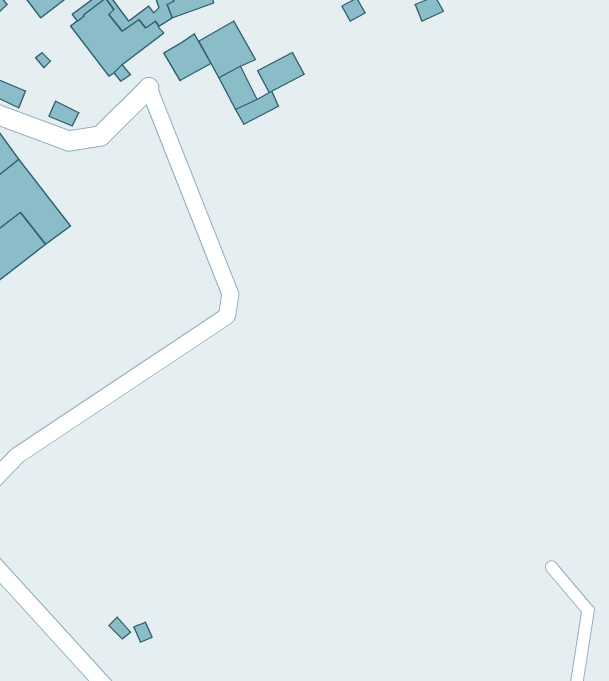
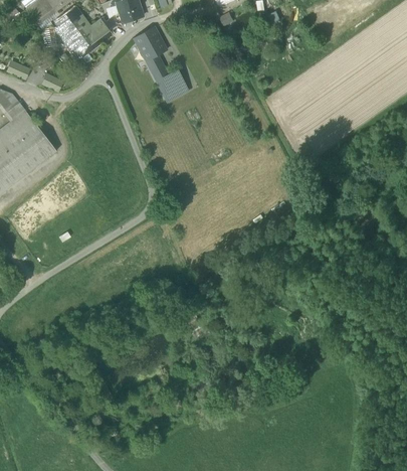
building: [164,34,211,81] -> none
building: [258,53,304,92] -> [160,77,188,102]

